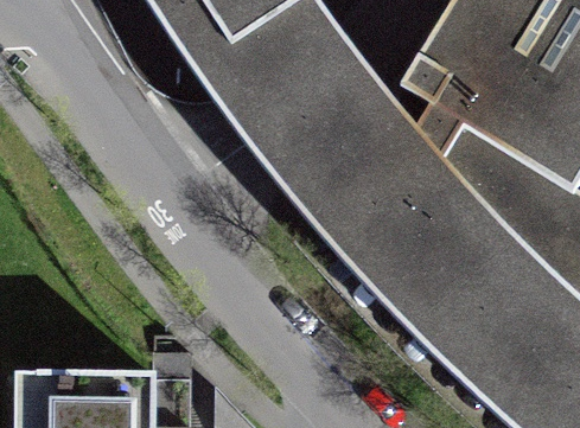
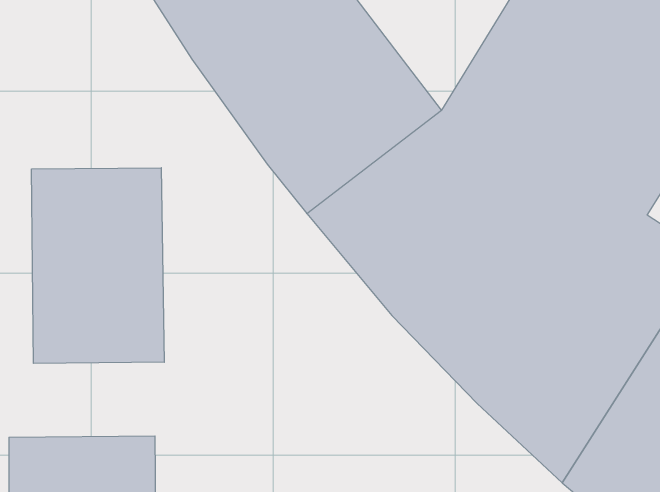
building: none -> [32,168,164,363]

